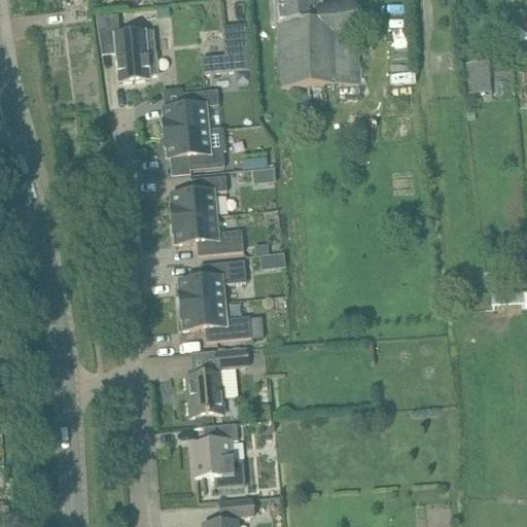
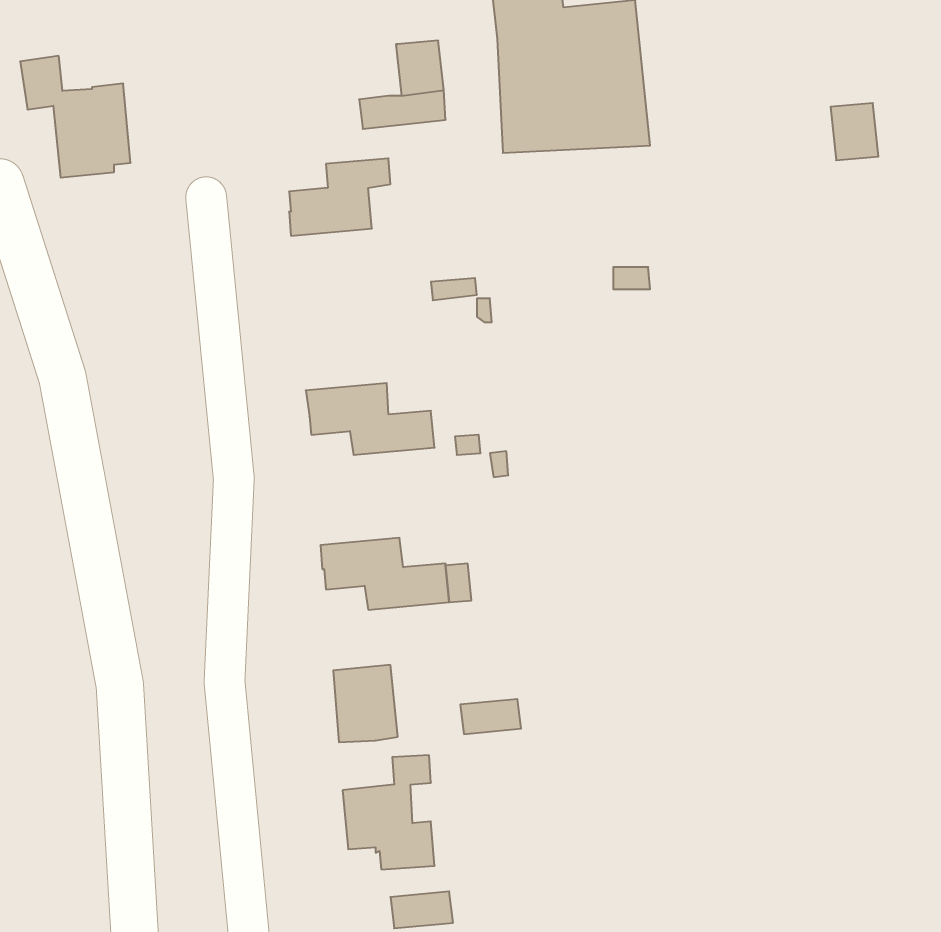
building: [96,12,157,80] -> [20,56,131,178]
building: [163,128,224,169] -> none
building: [169,174,226,218] -> none
building: [177,259,246,305] -> none
building: [214,347,248,366] -> [460,699,521,734]

